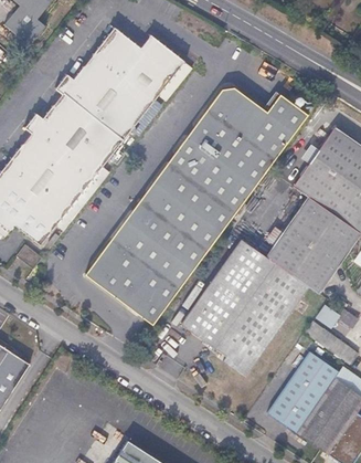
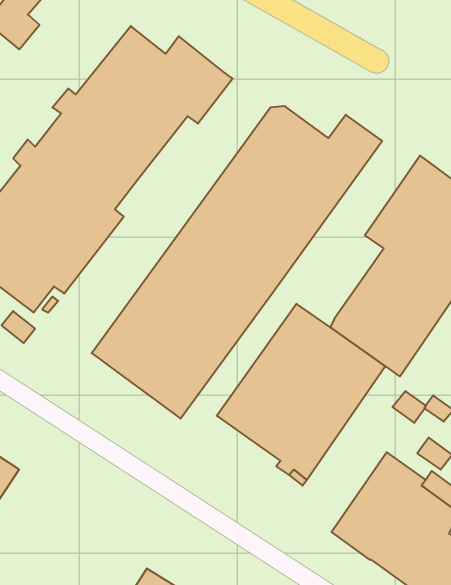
building: [304,320,341,352] -> none

